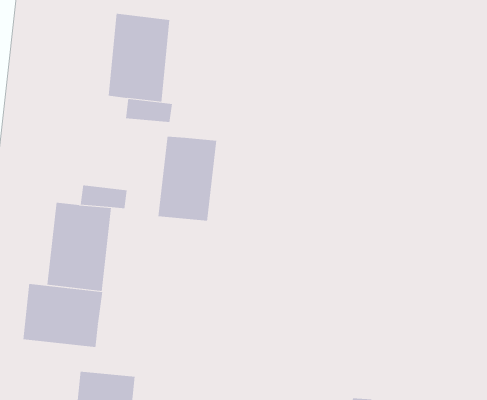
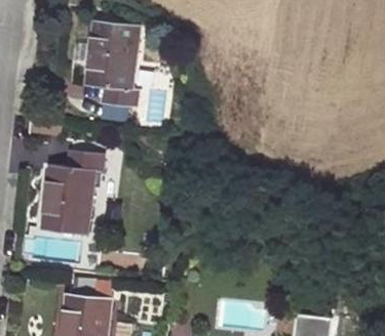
building: [158,136,217,221] -> none
building: [23,283,103,348] -> none

